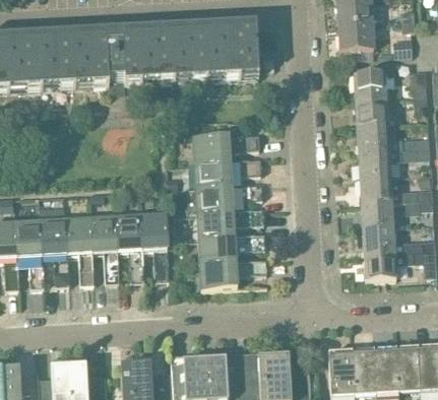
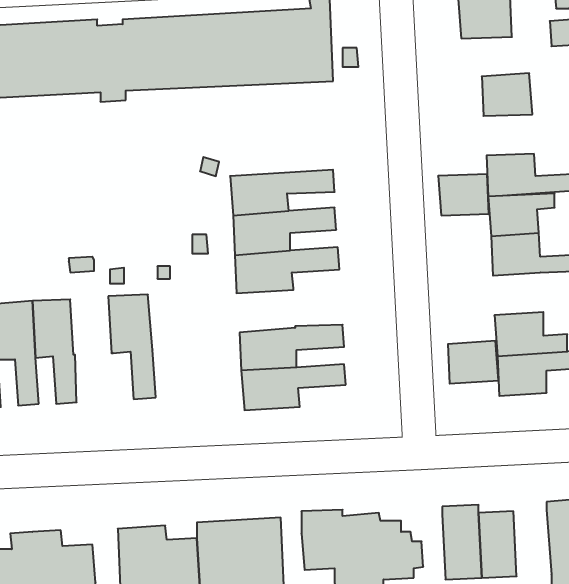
building: [355,95,387,122] -> [438,174,489,215]
building: [361,197,393,224] -> [448,341,499,384]
building: [196,205,263,236] -> none
building: [139,209,169,277] -> none
building: [89,212,119,279] -> none
building: [373,344,398,392] -> none

